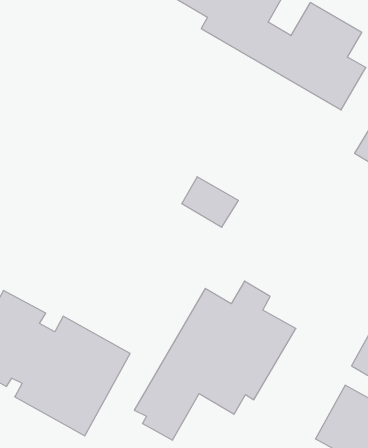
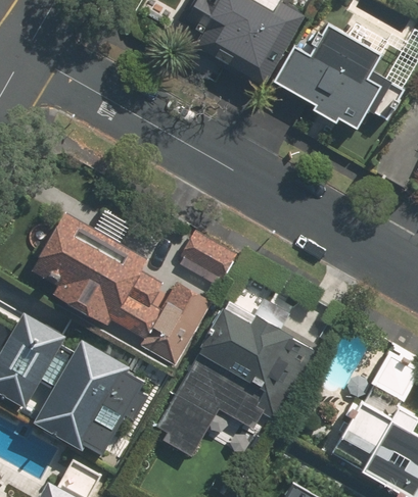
building: [182,177,238,227] -> [177,235,233,285]
building: none -> [31,215,210,368]

